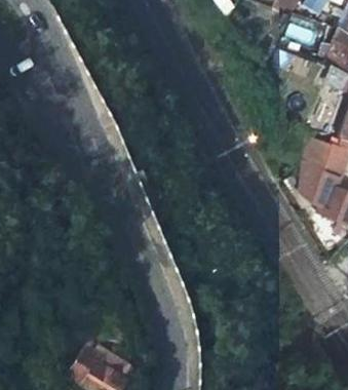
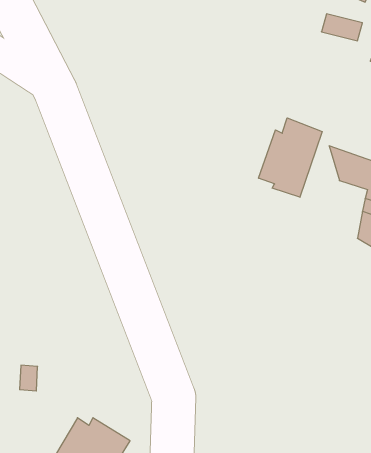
building: none -> [259,118,322,197]

